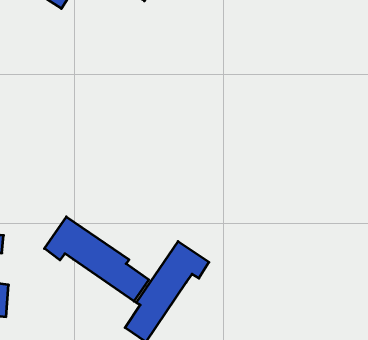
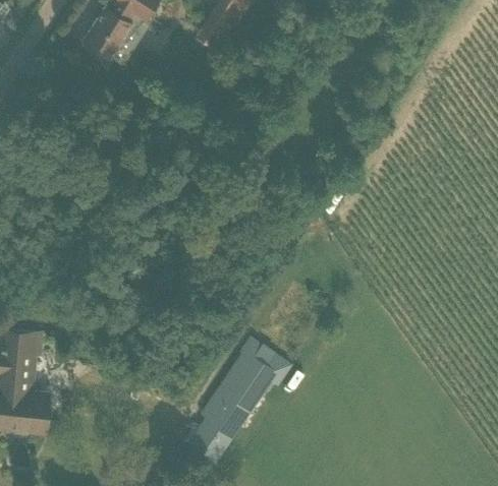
building: [44,217,149,301] -> none

